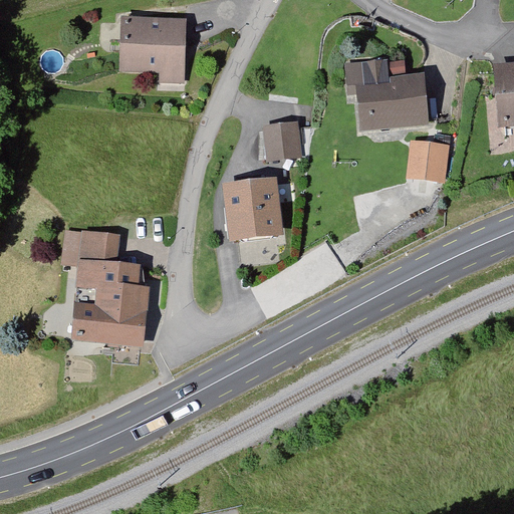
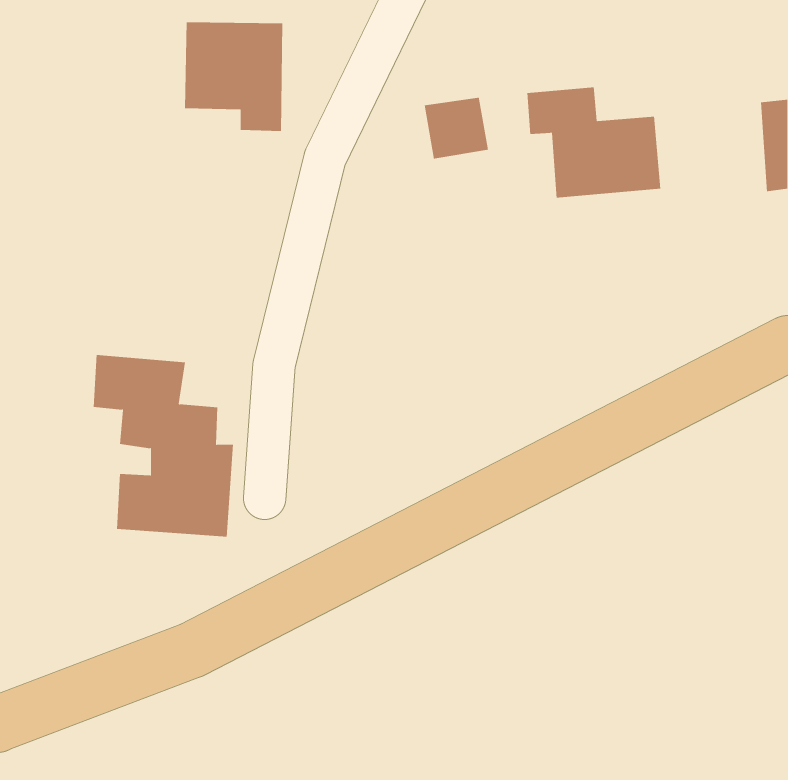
building: [259,121,301,162] -> [424,97,489,159]
building: [407,139,445,177] -> none
building: [223,178,284,264] -> none

